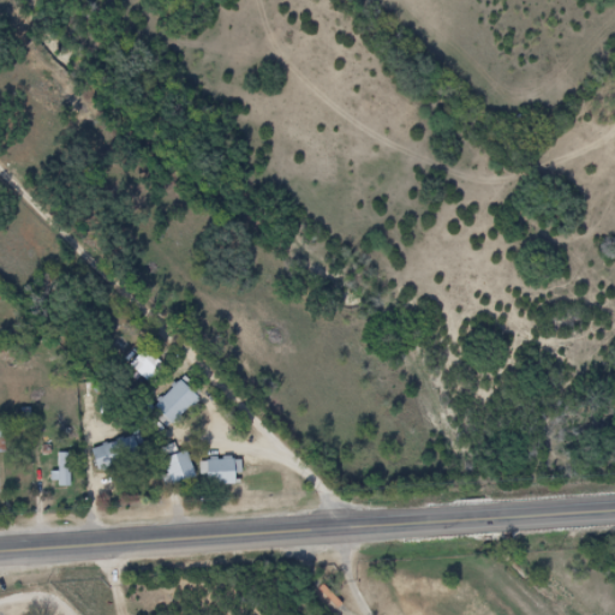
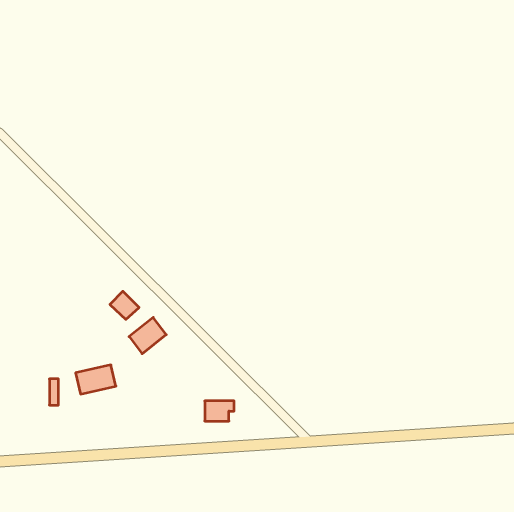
building: [162,448,195,483] -> none
building: [204,459,239,483] -> [205,401,234,421]

